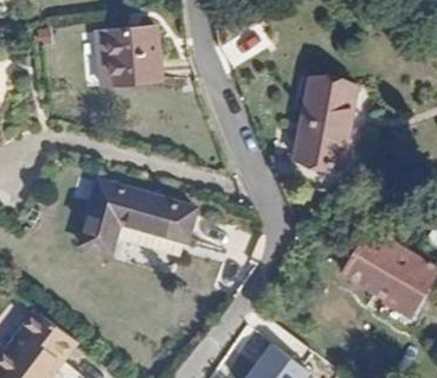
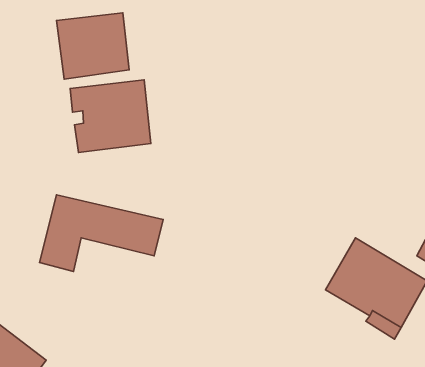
building: [303,65,372,156] -> none
building: none -> [70,80,151,152]

